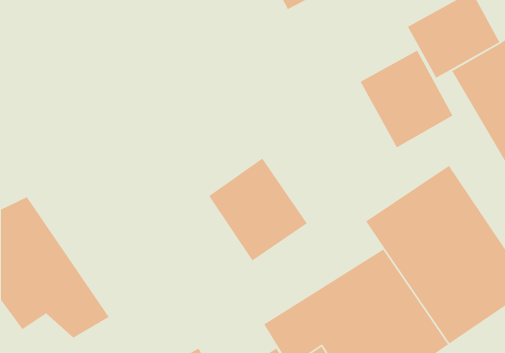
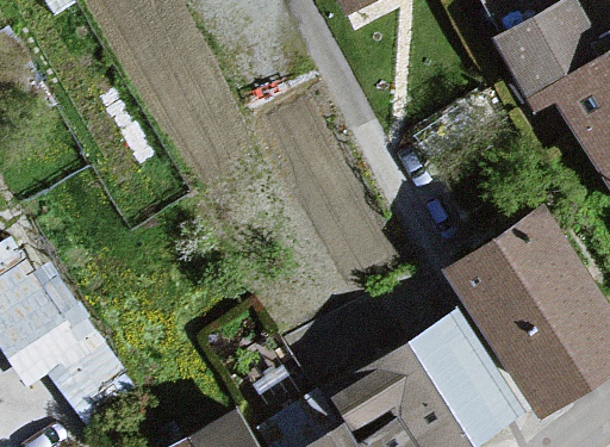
building: [359,50,454,148] -> none
building: [208,158,308,261] -> none

